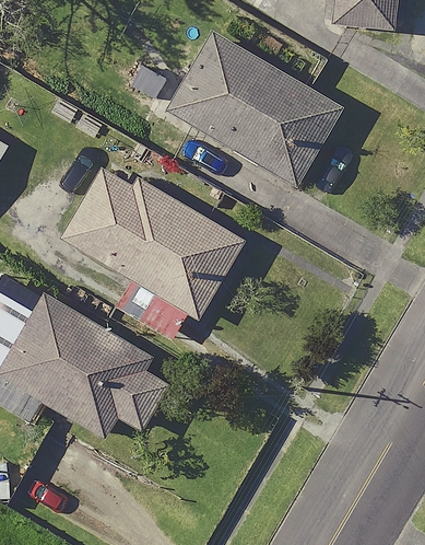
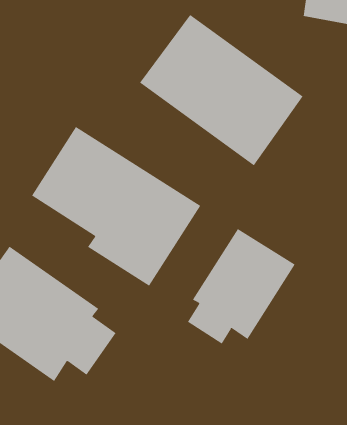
building: none -> [187,228,295,345]

